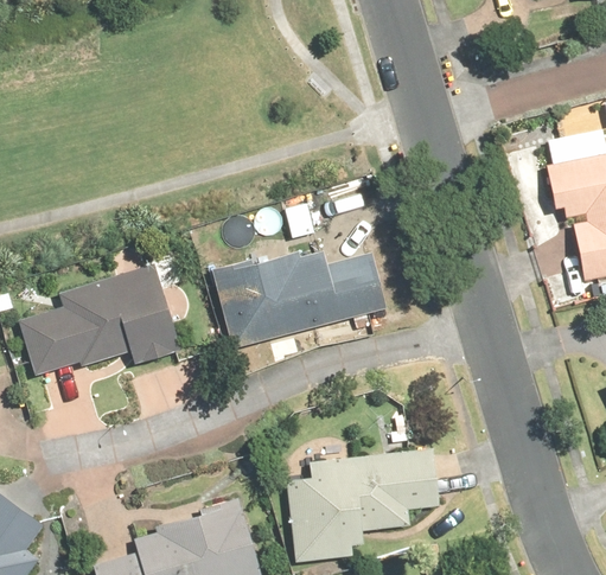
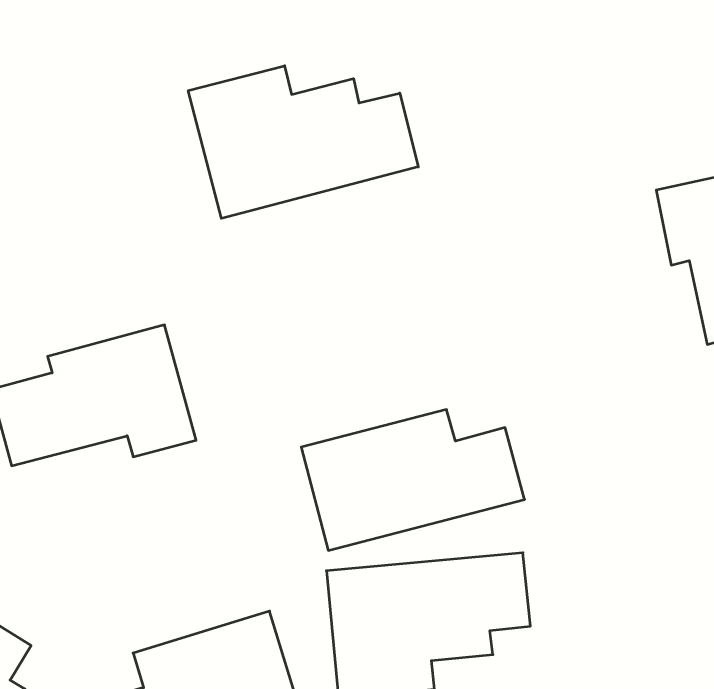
building: none -> [188,66,418,218]
building: [210,236,387,347] -> [301,410,525,550]

